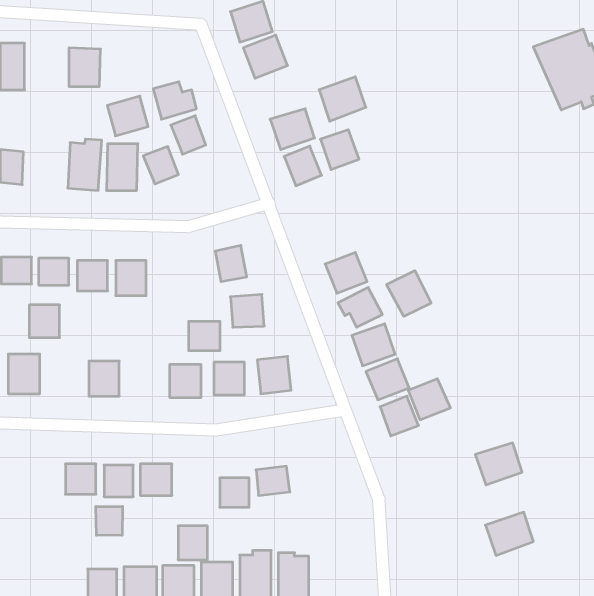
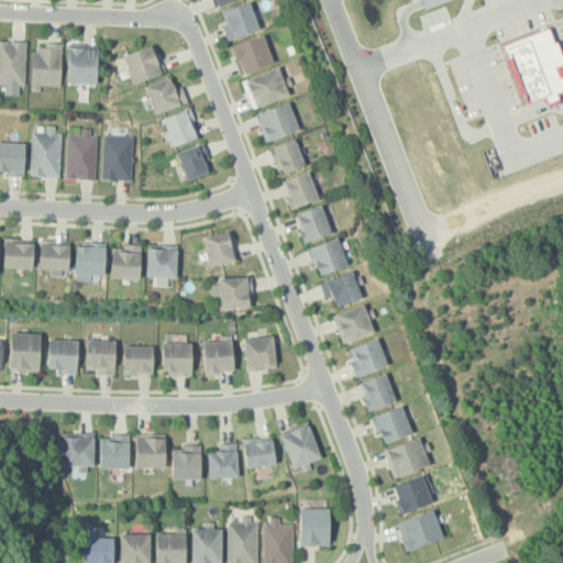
building: none -> [33,44,63,86]
building: [319,77,366,121] -> [245,67,289,109]
building: [107,96,148,136] -> [124,45,163,82]
building: [320,130,359,170] -> [283,173,319,210]
building: none -> [31,132,63,177]
building: [143,147,178,184] -> [177,145,210,180]
building: none -> [295,206,333,244]
building: [387,271,431,316] -> none
building: [29,305,60,338] -> [49,341,78,372]
building: [189,321,220,351] -> [147,250,177,277]
building: none -> [124,347,153,375]
building: [408,379,450,420] -> [374,406,413,444]
building: [475,443,522,485] -> [385,439,429,478]
building: none -> [282,426,322,468]
building: none -> [394,475,433,514]
building: [96,506,123,535] -> none
building: [485,512,533,555] -> [398,510,443,551]
building: [178,526,207,560] -> [174,448,201,479]
building: none -> [301,508,330,545]

